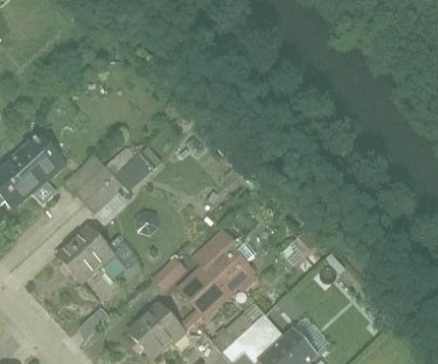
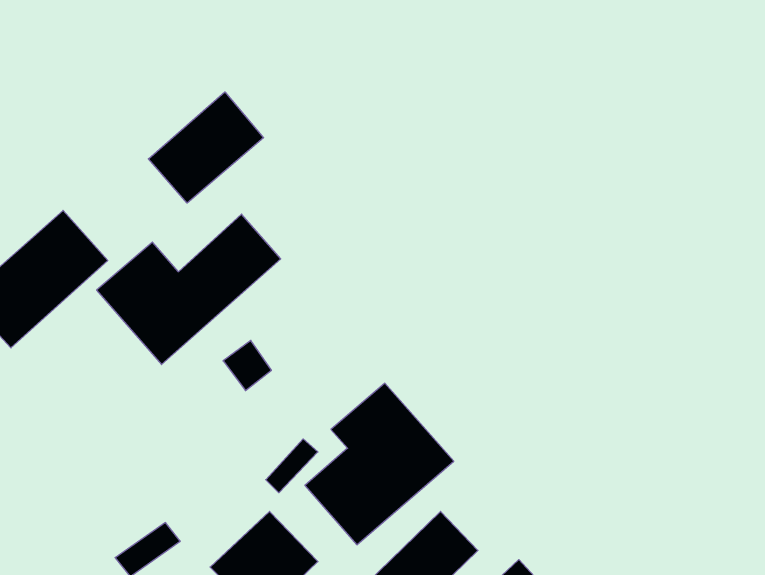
building: none -> [148,92,264,203]
building: [56,224,116,284] -> none

